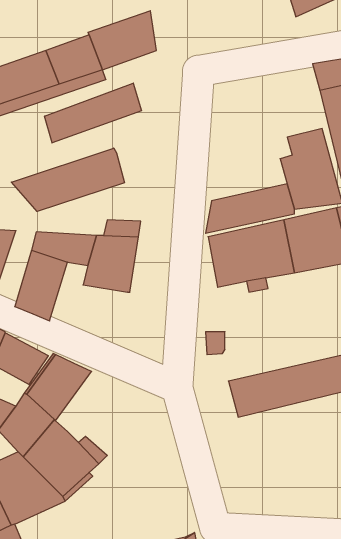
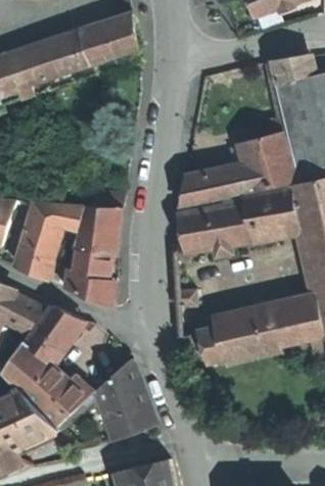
building: [45,83,141,143] -> none
building: [11,148,124,211] -> none
building: none -> [63,247,117,305]
building: none -> [94,358,157,445]

